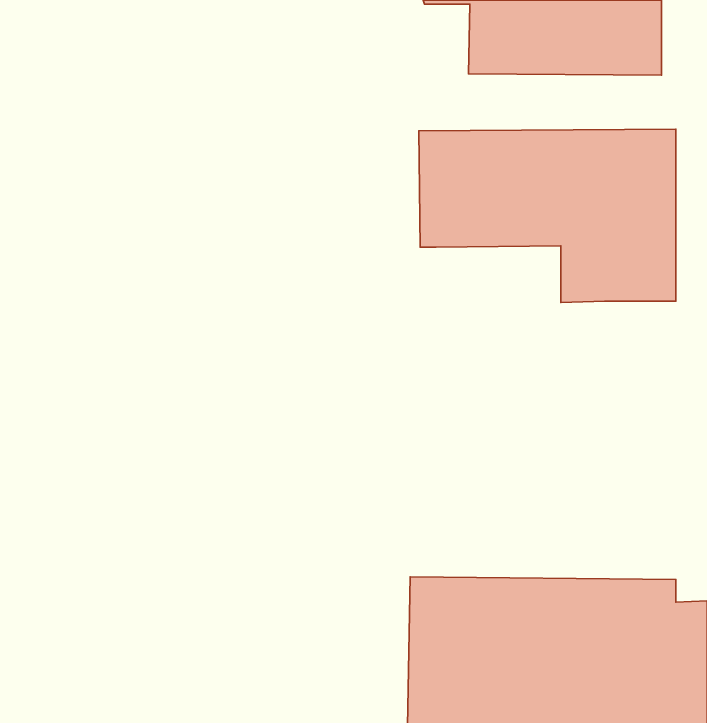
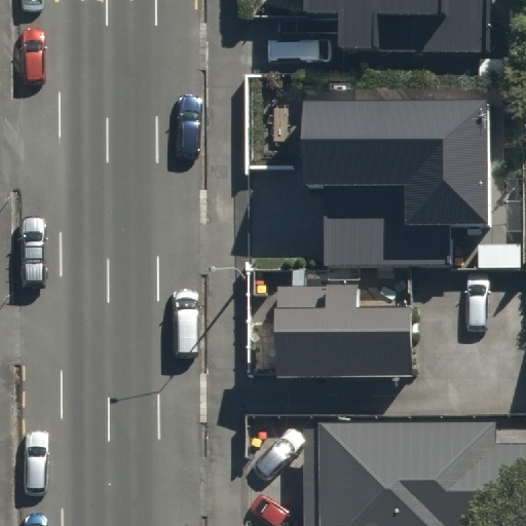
building: none -> [315,180,438,266]
building: none -> [271,285,411,377]

